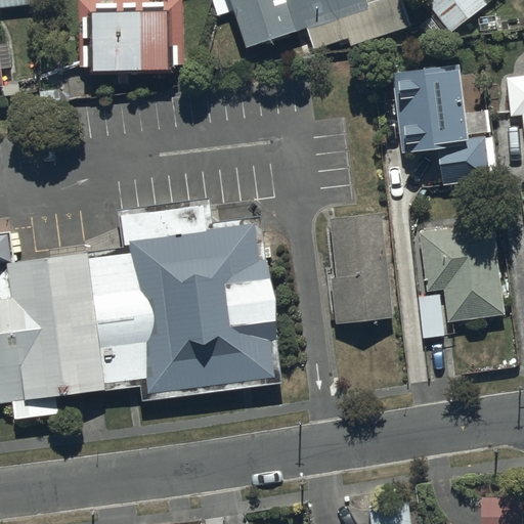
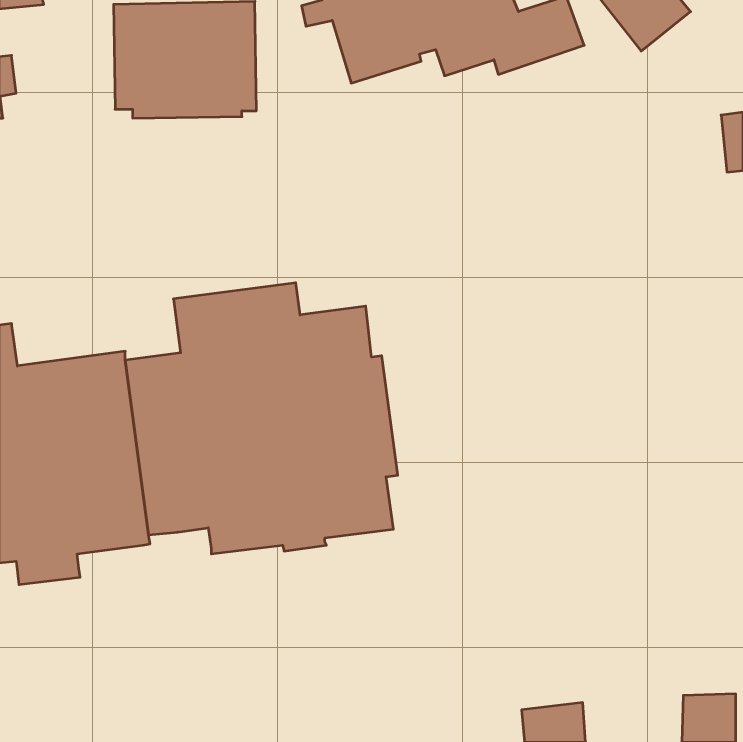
building: [393,72,497,189] -> none
building: [332,212,388,314] -> none
building: [416,230,504,343] -> none

